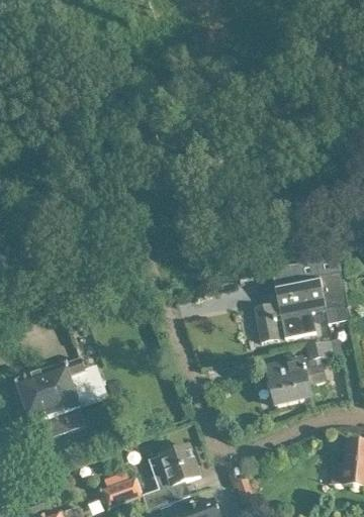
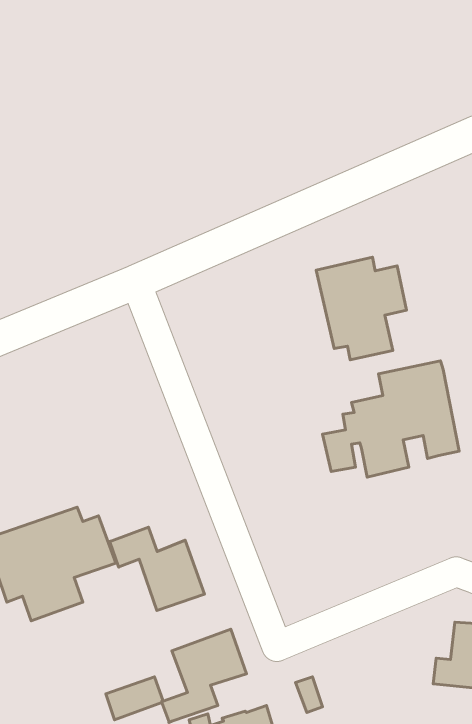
building: none -> [316,257,407,360]
building: [268,338,334,404] -> none
building: none -> [109,527,205,611]

